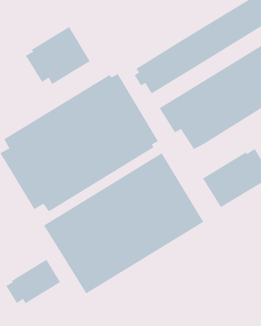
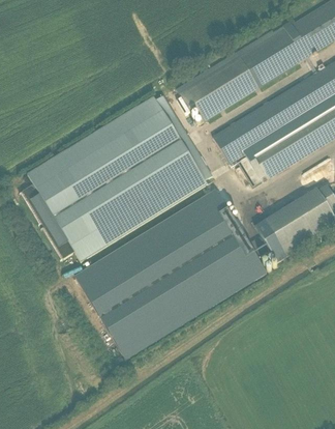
building: [25,26,90,85] -> none
building: [5,259,61,304] -> none

